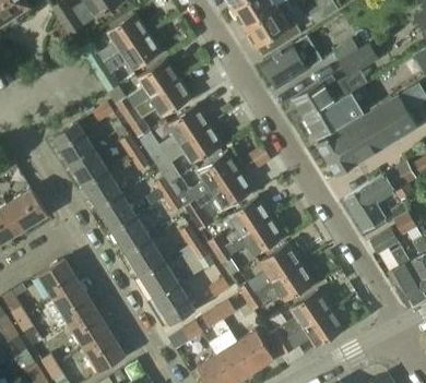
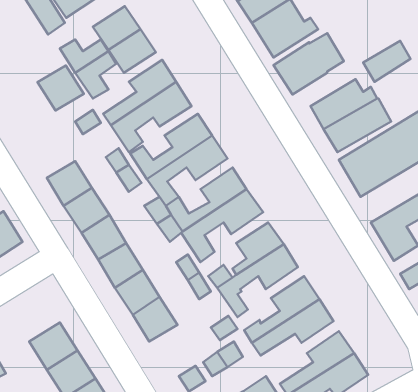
building: [52,121,92,159] -> [38,66,84,110]
building: [37,258,79,299] -> none
building: [155,285,193,323] -> none

